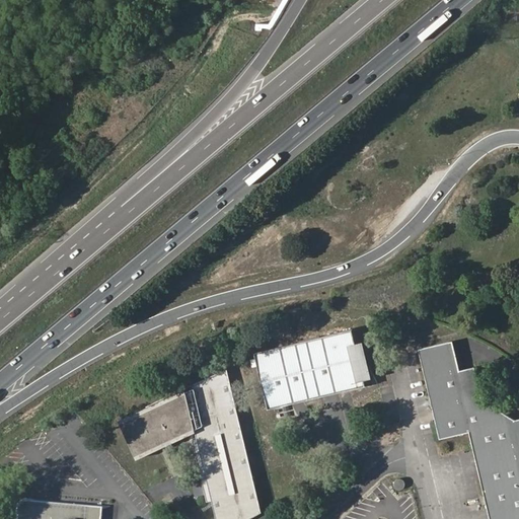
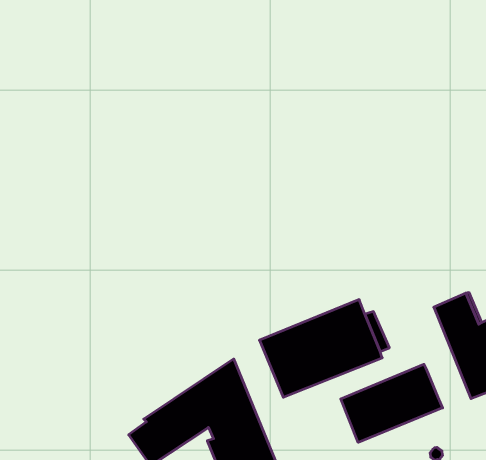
building: none -> [341,364,443,442]

